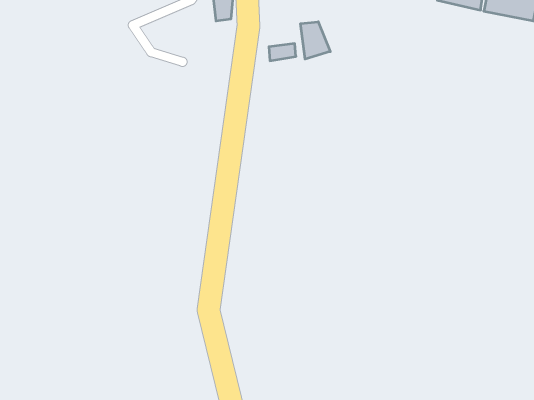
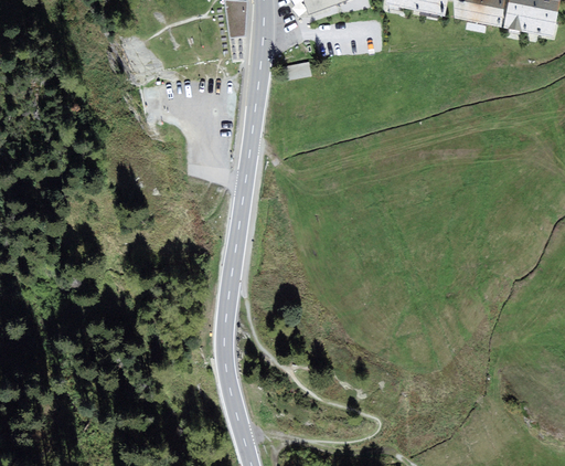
building: [301,22,330,59] -> none

